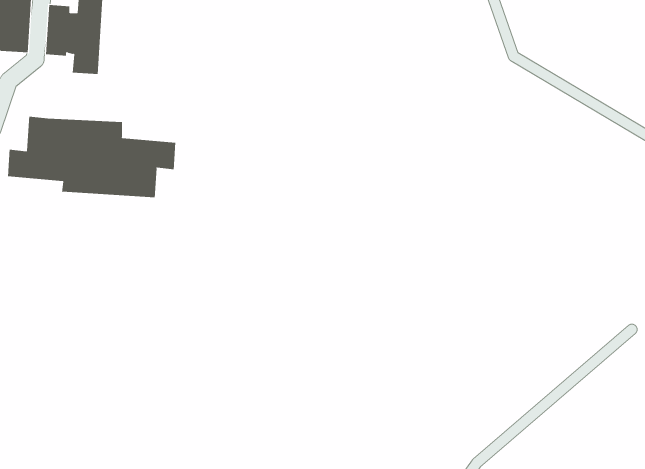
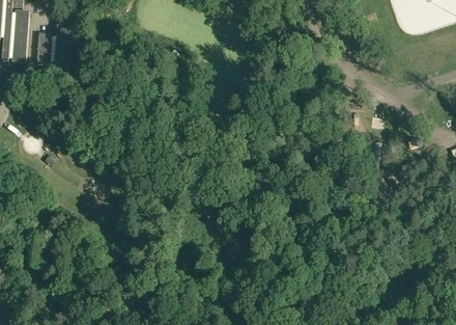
building: [8,116,176,198] -> none

